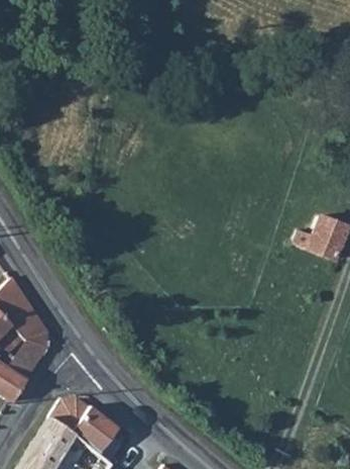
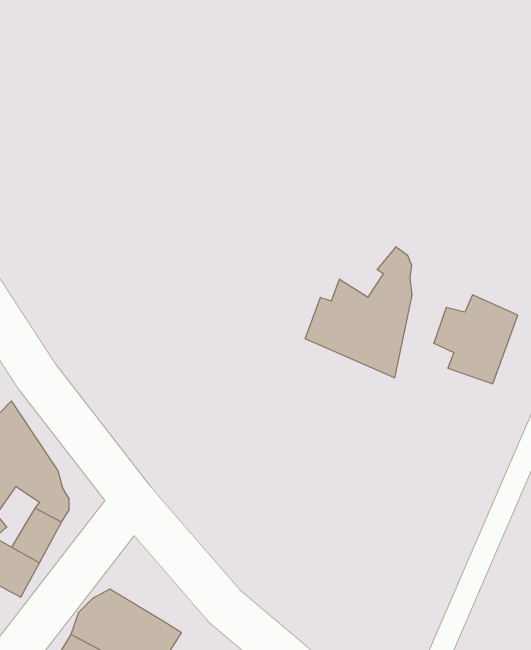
building: none -> [305,247,412,378]

